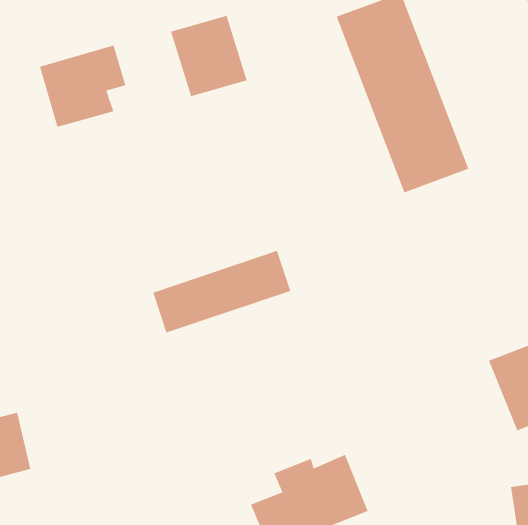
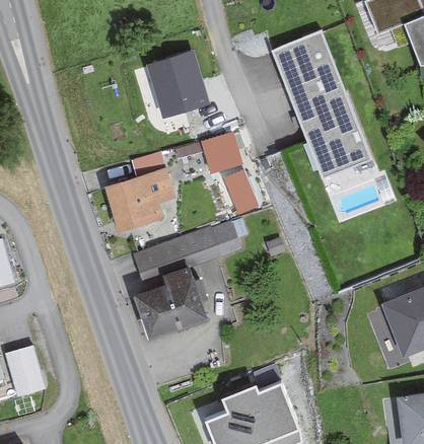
building: [39,45,126,128] -> [108,171,172,233]
building: none -> [200,130,243,172]
building: none -> [225,168,258,214]
building: none -> [138,272,209,339]

